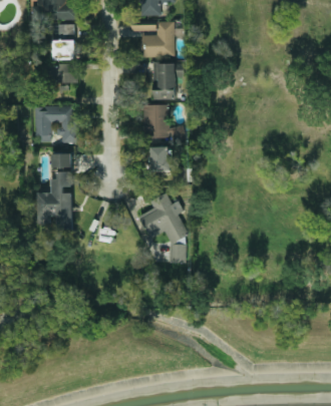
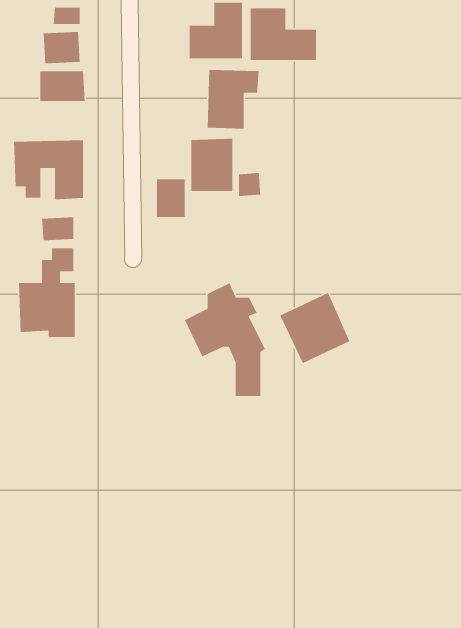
building: none -> [250,8,317,61]
building: [150,146,169,170] -> [156,179,186,218]
building: none -> [279,292,350,364]

